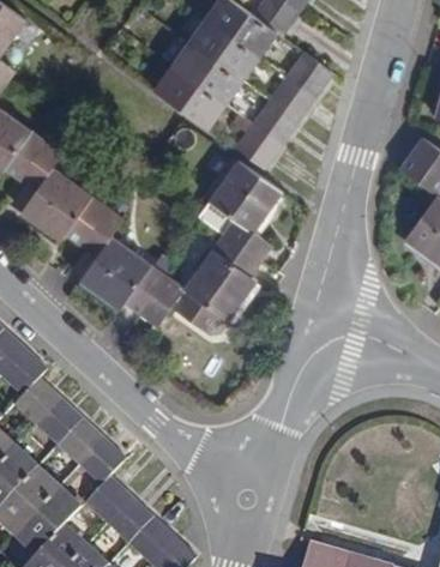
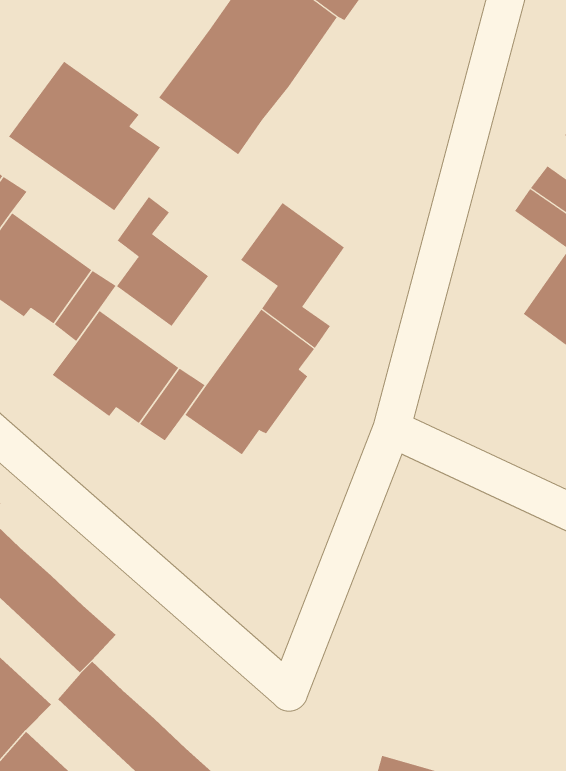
building: [236,53,334,169] -> none
building: none -> [8,61,161,211]
building: none -> [116,196,209,327]

